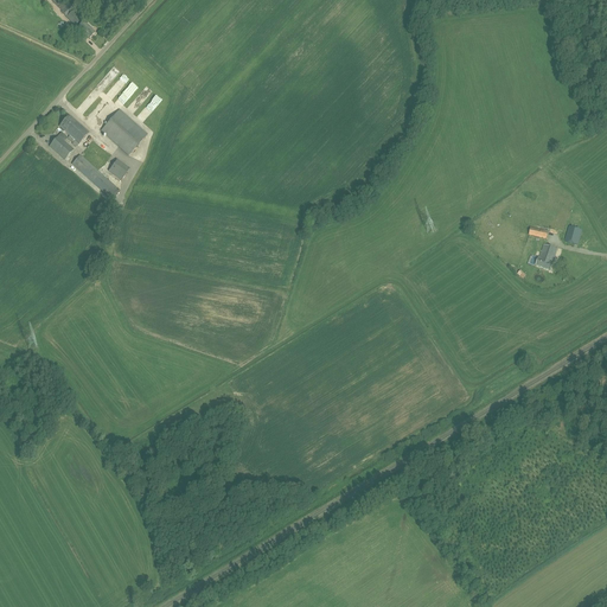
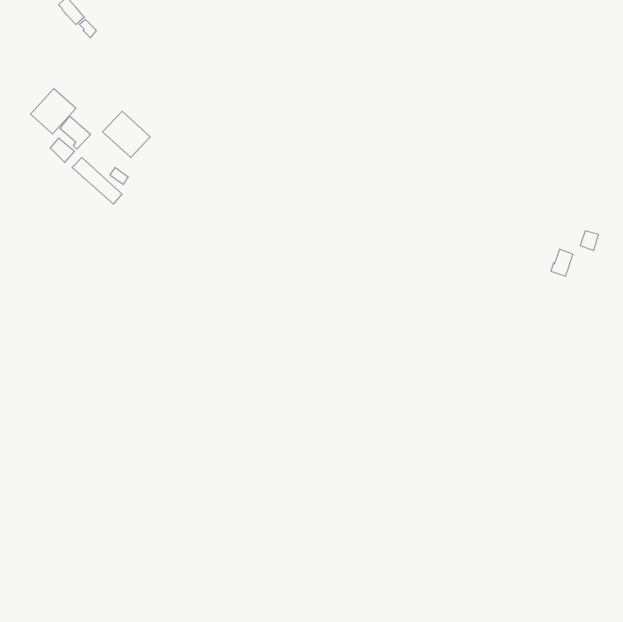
building: none -> [30,89,76,134]

